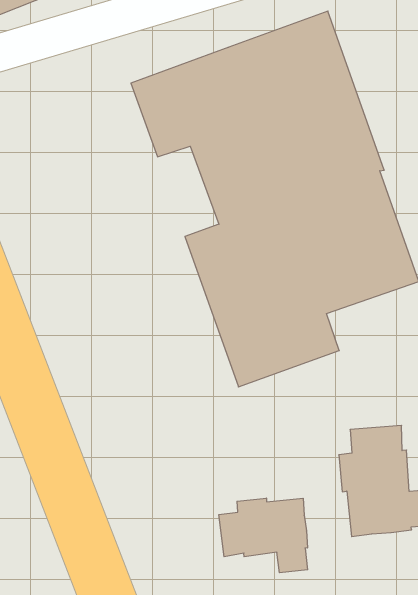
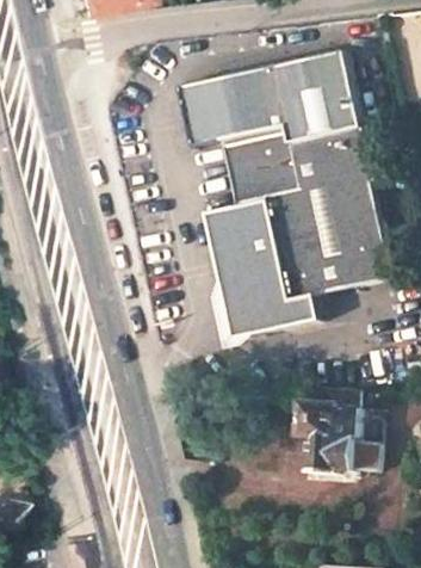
building: [219,498,308,573] -> none

